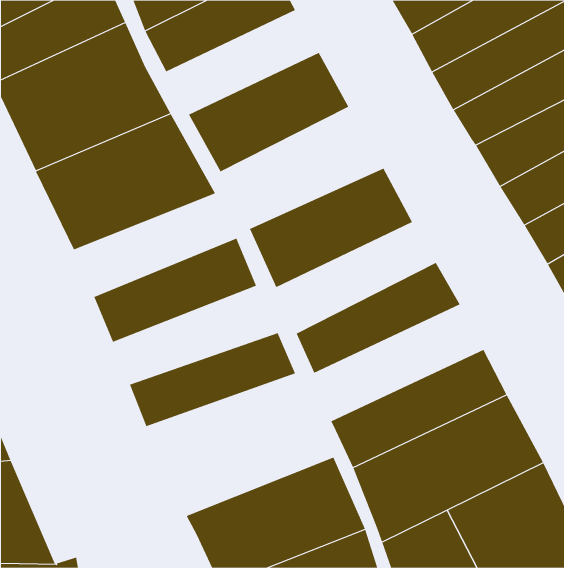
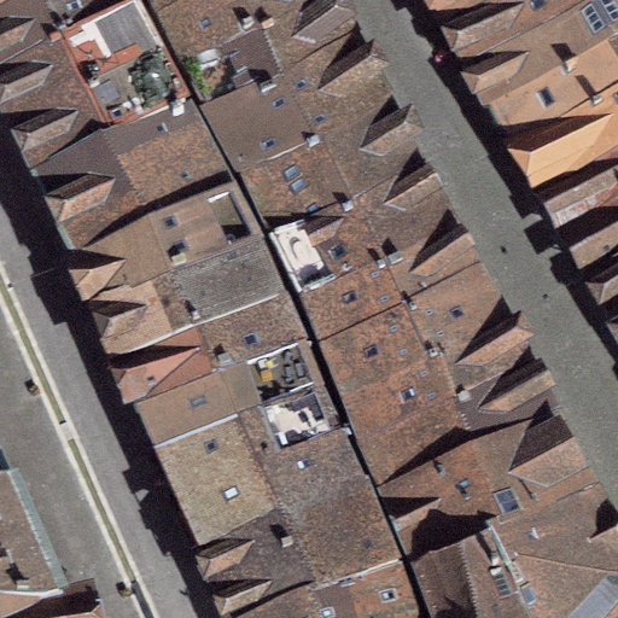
building: none -> [185,11,351,124]
building: none -> [244,116,421,249]
building: none -> [84,210,262,322]
building: none -> [304,241,478,362]
building: none -> [127,310,307,418]
building: none -> [345,331,530,457]
building: none -> [163,406,367,560]

